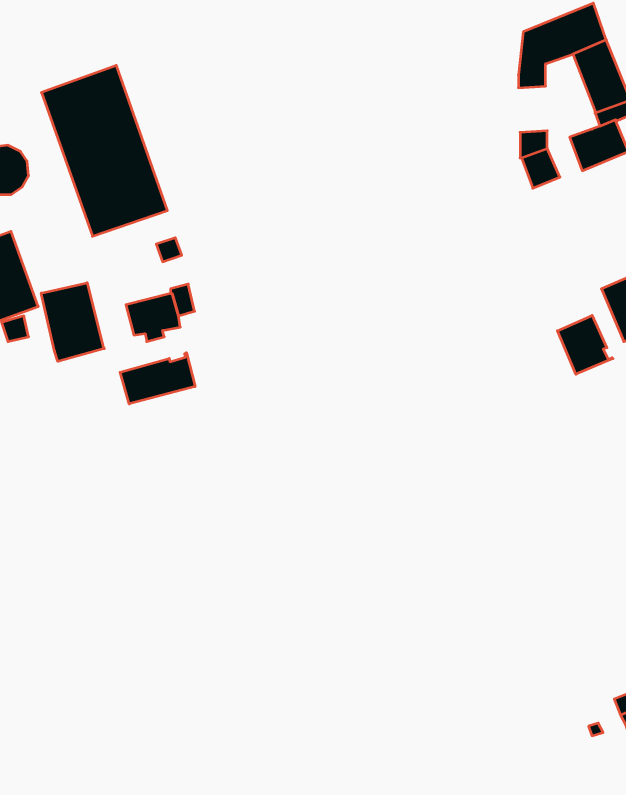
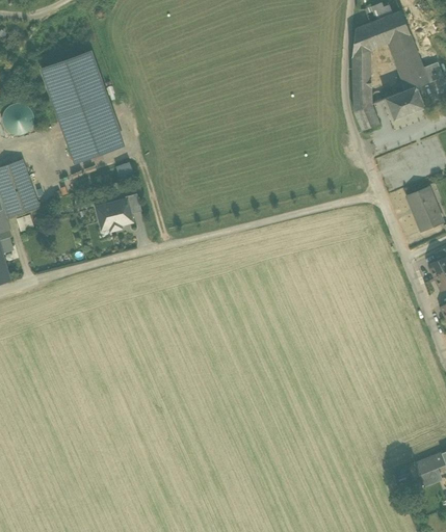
building: none -> [352,64,371,95]
building: [41,283,104,361] -> none
building: [557,315,613,374] -> none
building: [120,353,195,404] -> none

